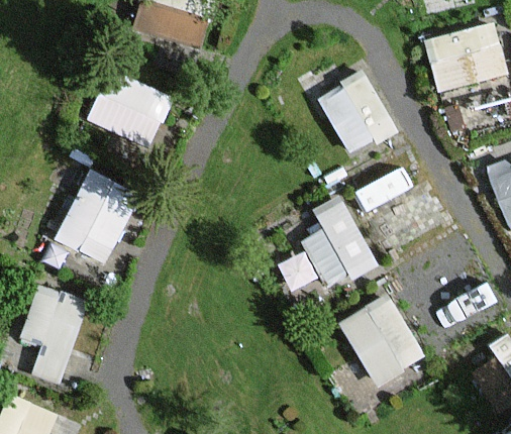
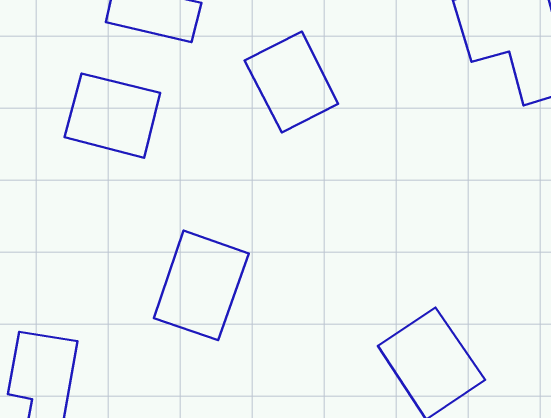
building: [318,72,394,155] -> [244,31,338,133]
building: [54,170,138,264] -> [154,231,249,340]
building: [301,197,373,287] -> none

